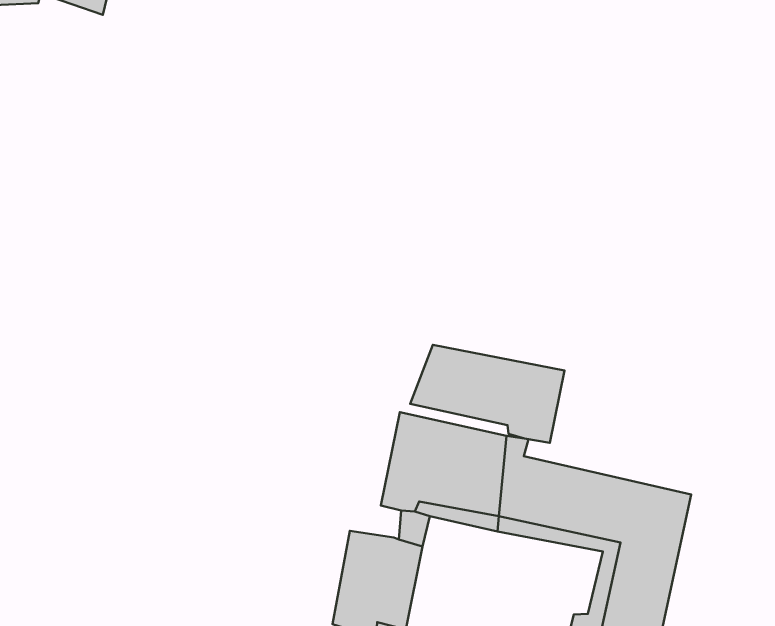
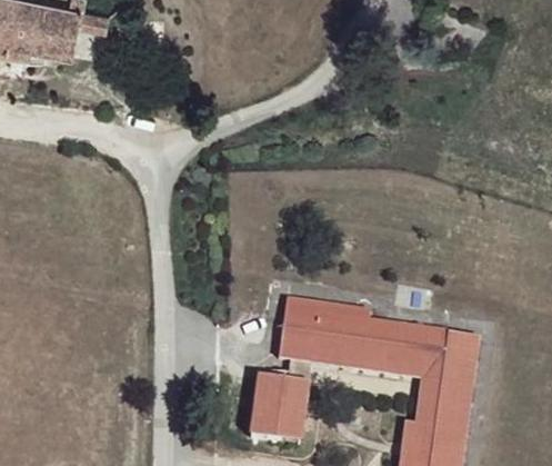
building: [410,345,564,443] -> none

